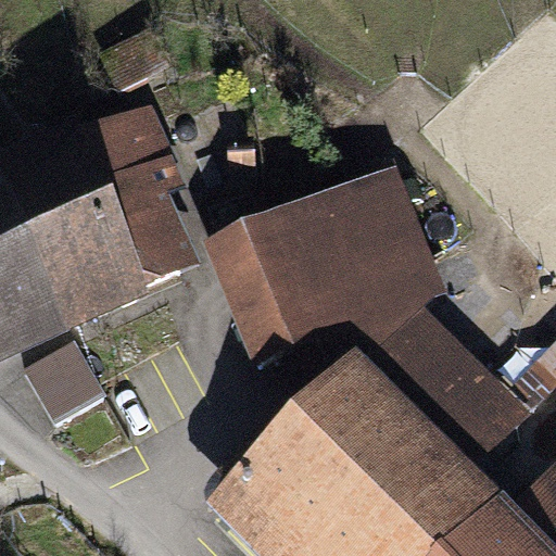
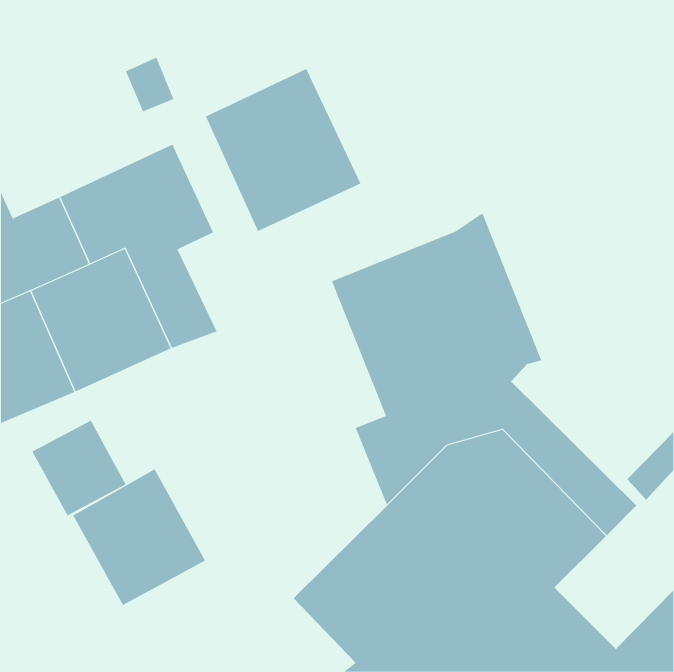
building: none -> [205,68,361,232]
building: [218,231,317,364] -> none
building: none -> [72,469,206,606]

